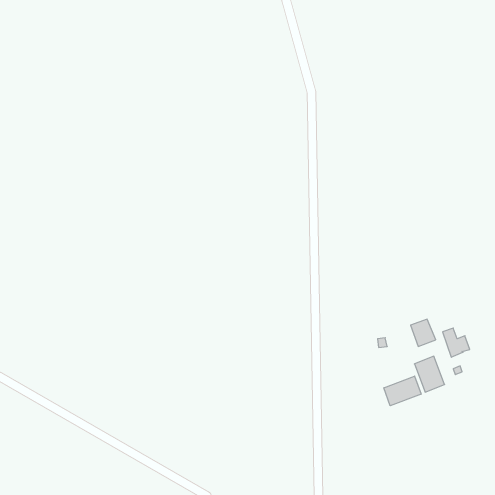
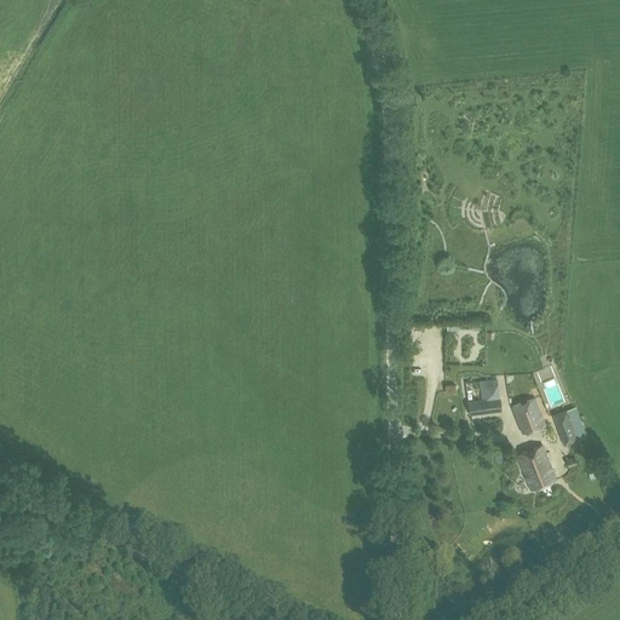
building: none -> [467,379,500,415]
building: [384,376,421,406] -> none

